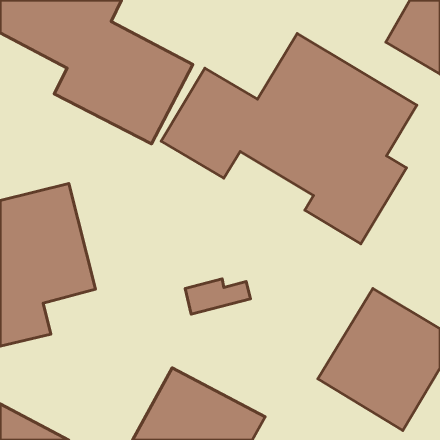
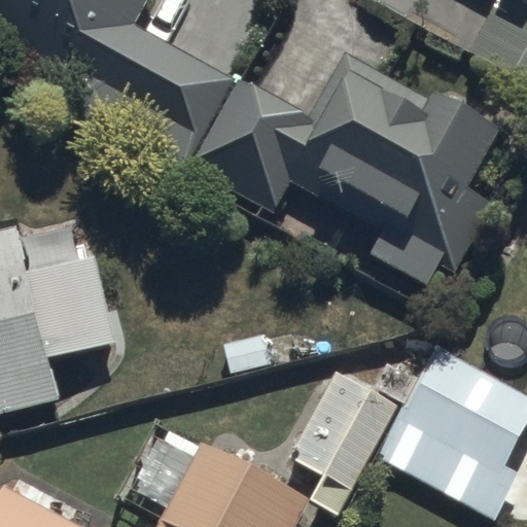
building: none -> [284,373,395,499]

